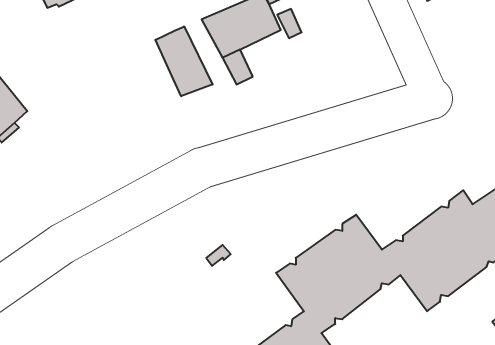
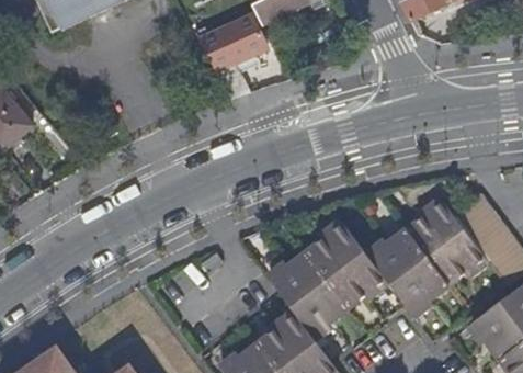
building: [155,26,213,96] -> none

